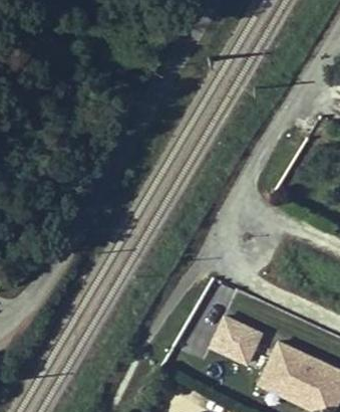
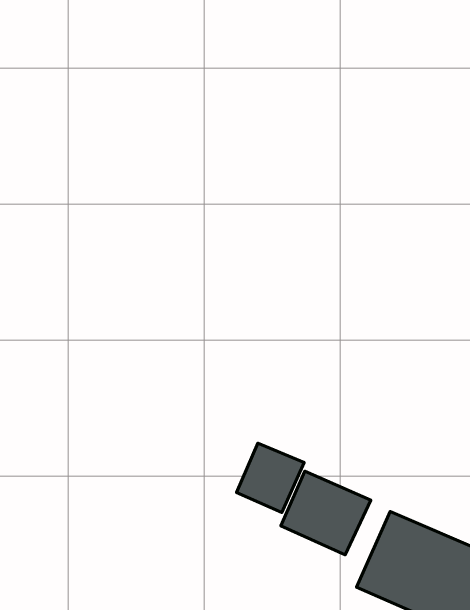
building: none -> [237,443,304,512]

